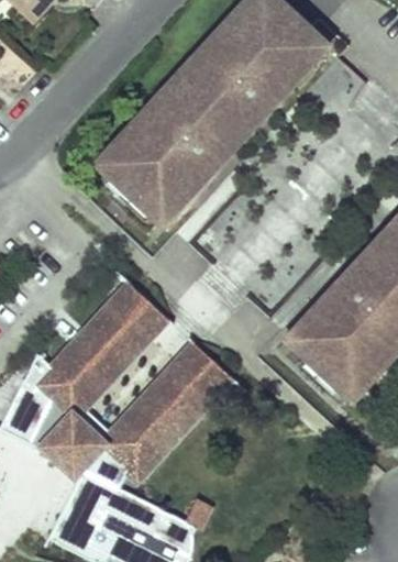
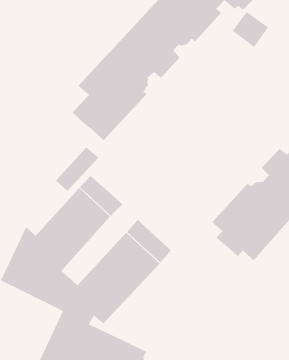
building: none -> [55,146,100,192]

